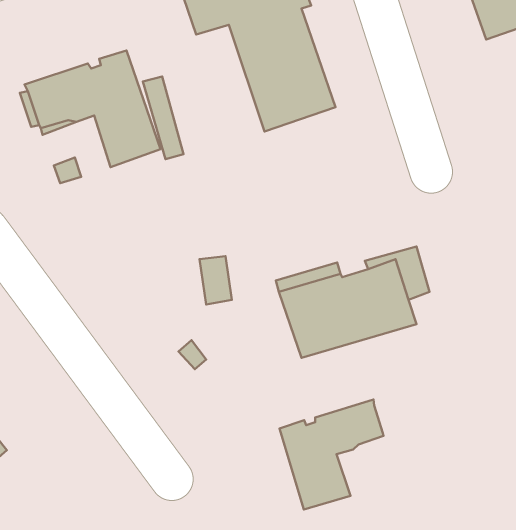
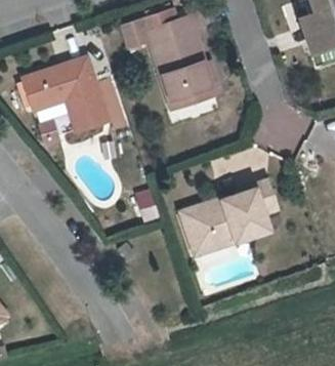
building: [279,400,383,510] -> none

